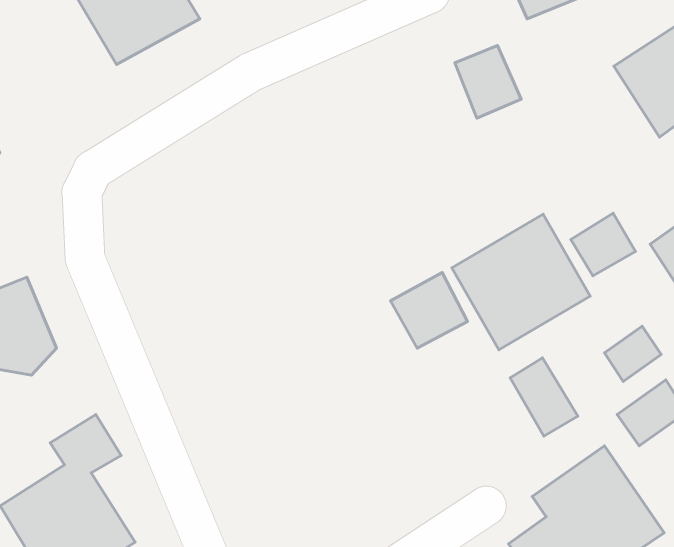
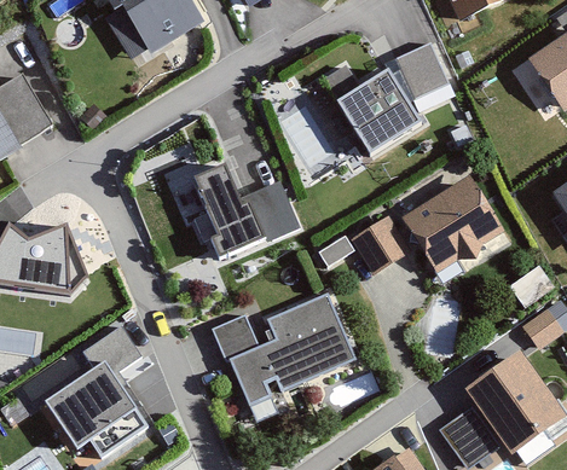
building: none -> [329,72,411,157]
building: [571,213,635,276] -> none
building: none -> [187,176,296,261]
building: [510,358,578,436] -> none
building: none -> [209,296,358,414]

